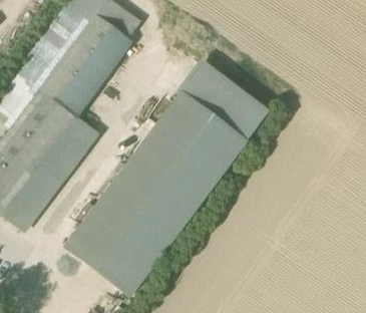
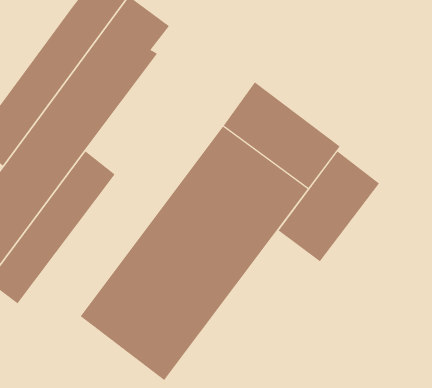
building: none -> [278,150,380,262]

